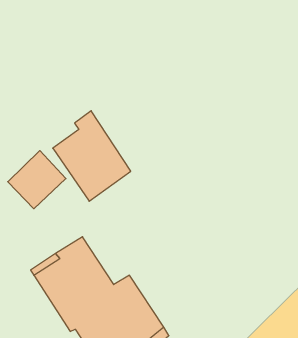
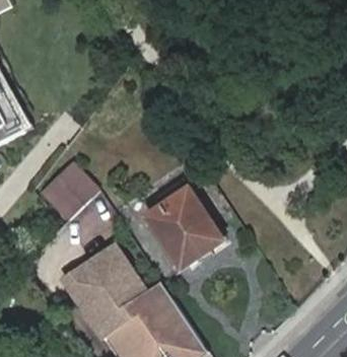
building: [53,111,131,201] -> [143,181,219,269]

